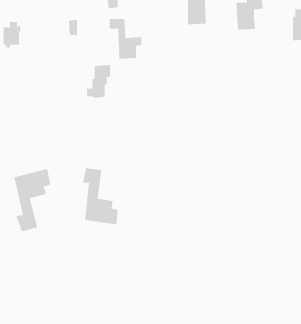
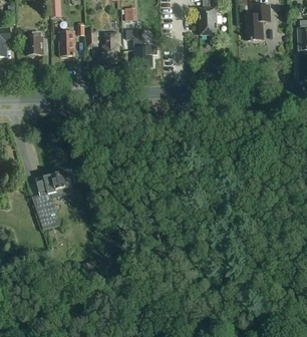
building: none -> [58,30,74,56]
building: [86,65,111,99] -> [97,31,120,63]
building: [83,167,118,225] -> none

